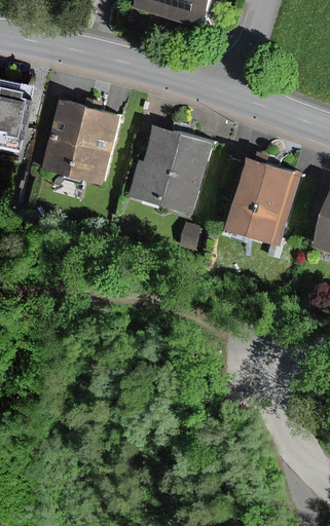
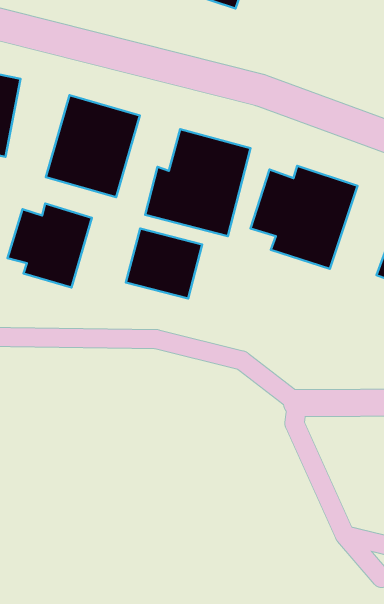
building: none -> [7,204,92,288]
building: none -> [126,229,202,298]

